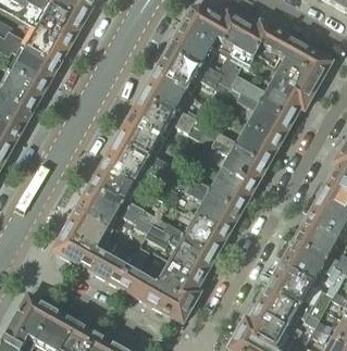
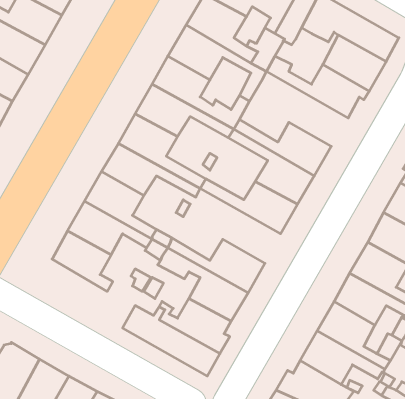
building: [224,87,290,145] -> none
building: [173,177,238,235] -> none
building: [55,231,126,285] -> none

